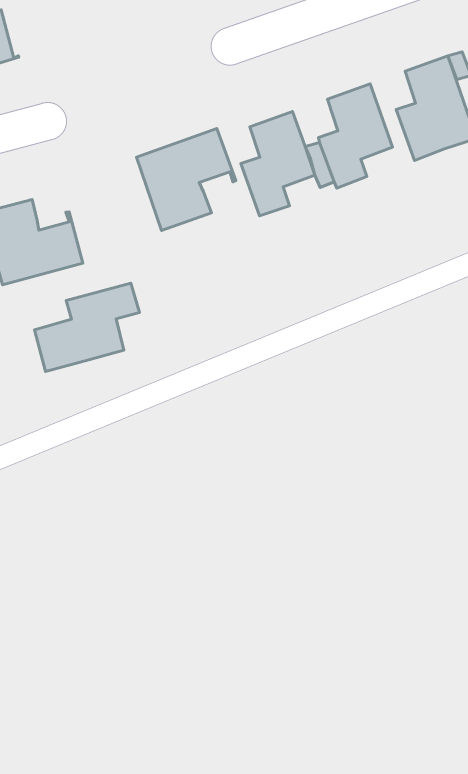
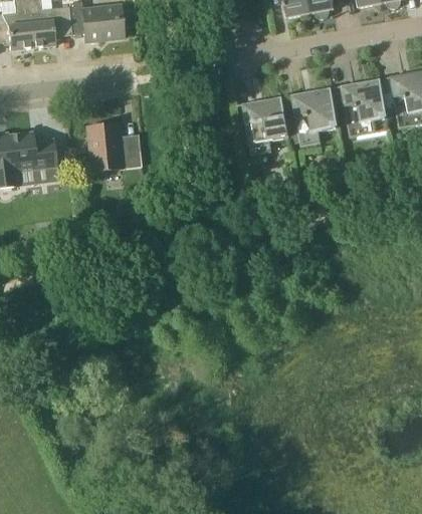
building: [136,128,236,231] -> none
building: [35,283,140,372] -> none

